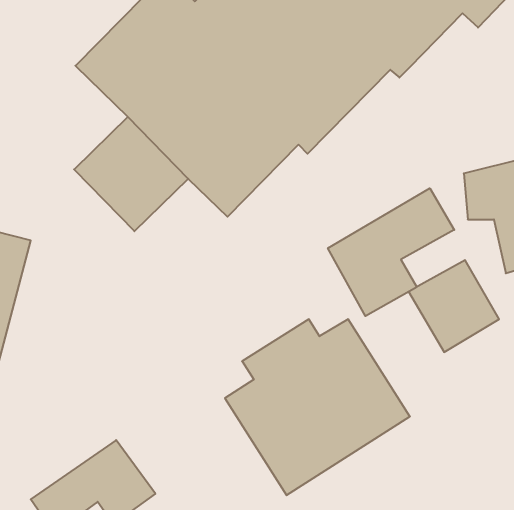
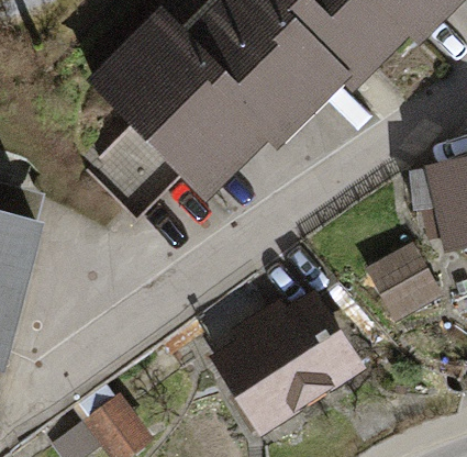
building: [328,188,454,316] -> none

